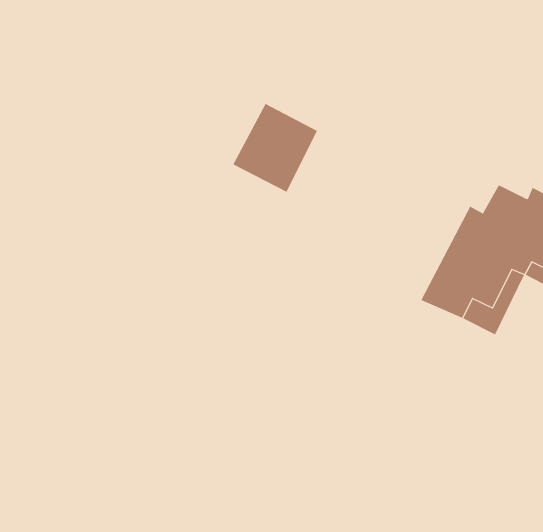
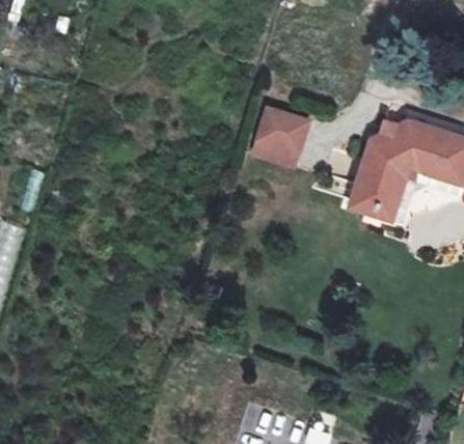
building: [233,103,318,193] -> [251,117,304,174]

